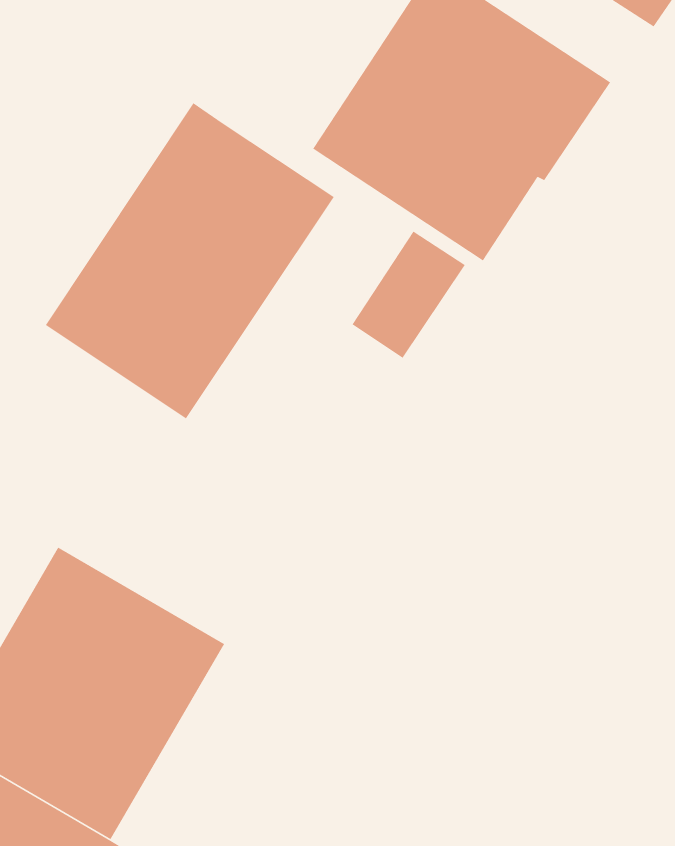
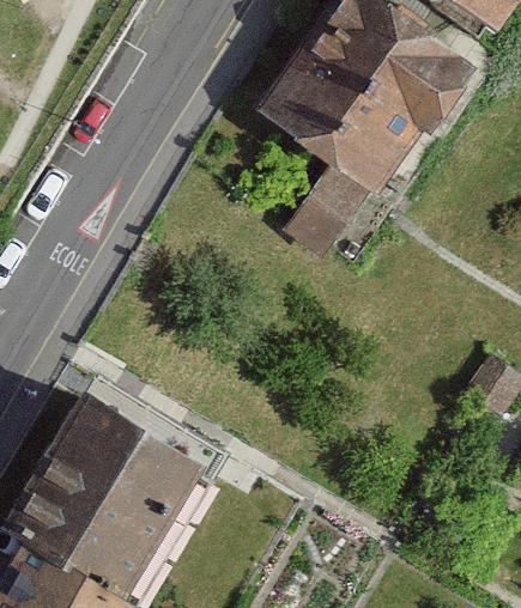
building: [45,102,335,420] -> none

